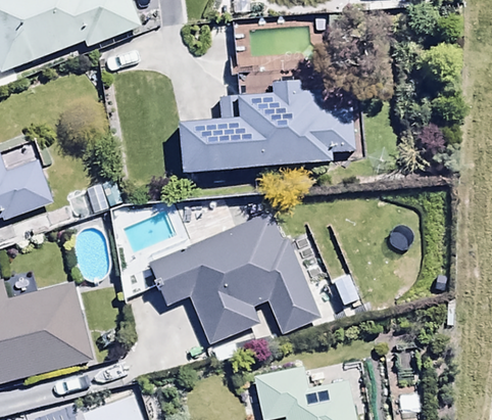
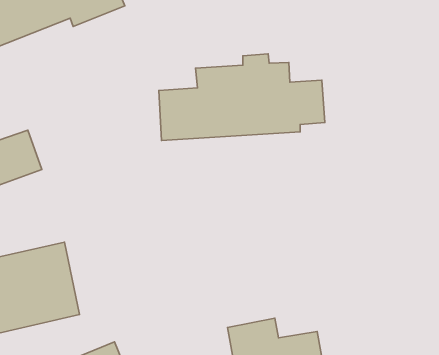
building: [145,212,340,344] -> none

